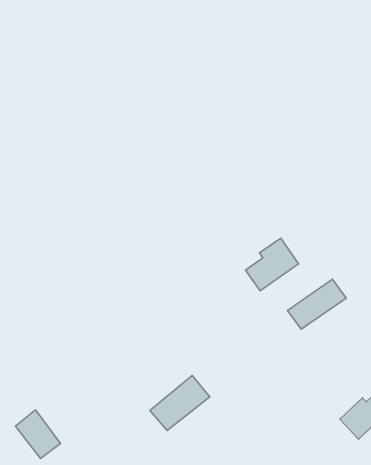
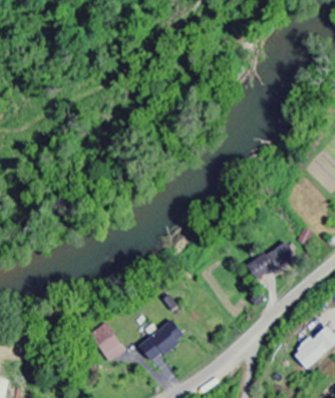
building: [245,238,299,291] -> none
building: [15,410,60,459] -> [90,322,126,361]

